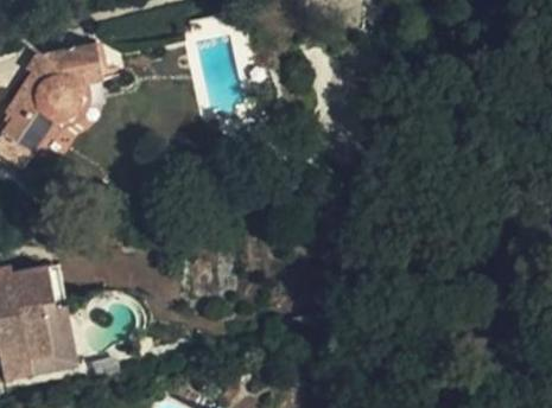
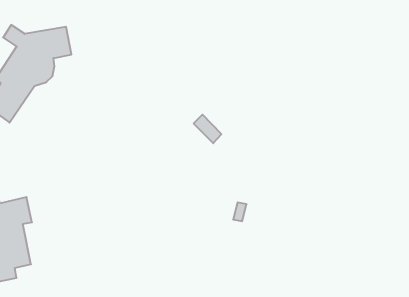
building: [30,304,78,377] -> none

